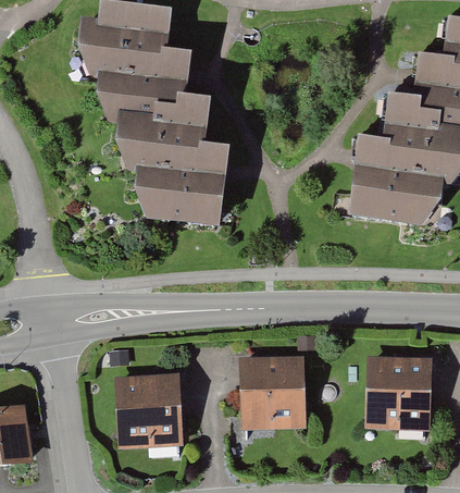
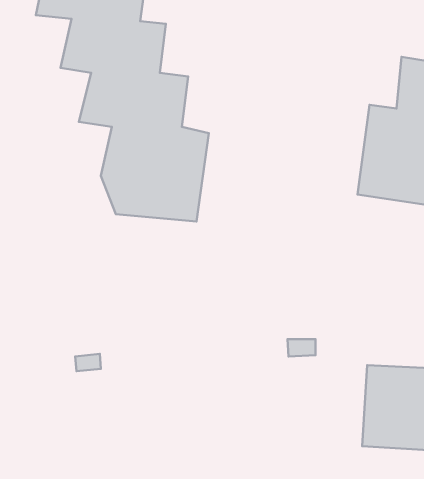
building: [236,357,304,431] -> none
building: [111,377,183,452] -> none

